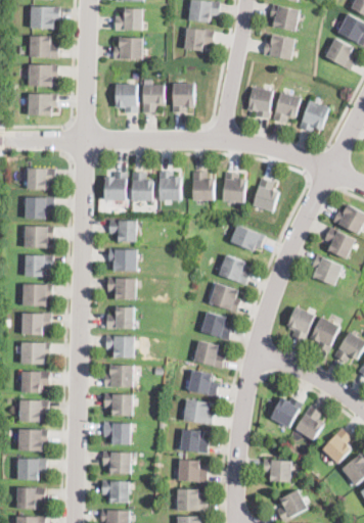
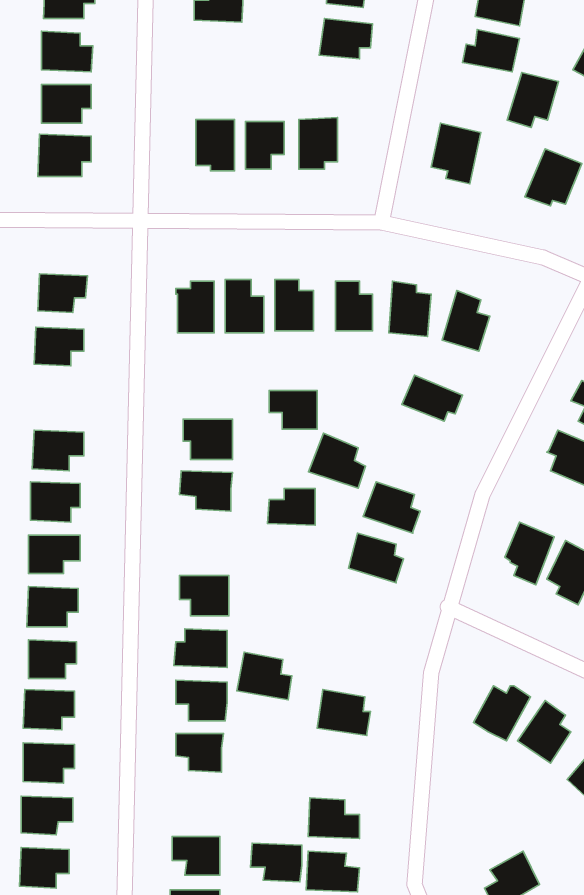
building: [113,36,143,57] -> none
building: [273,91,302,122] -> [507,72,559,128]
building: [109,221,136,242] -> [269,391,317,429]
building: [25,226,54,248] -> none
building: [218,254,249,285] -> [309,433,366,488]
building: [106,308,133,329] -> [267,488,315,525]
building: [193,341,224,369] -> none
building: [187,370,218,396] -> [237,652,292,700]
building: [180,430,209,454] -> none
building: [102,453,131,474] -> [250,843,302,882]
building: [262,460,291,483] -> none

